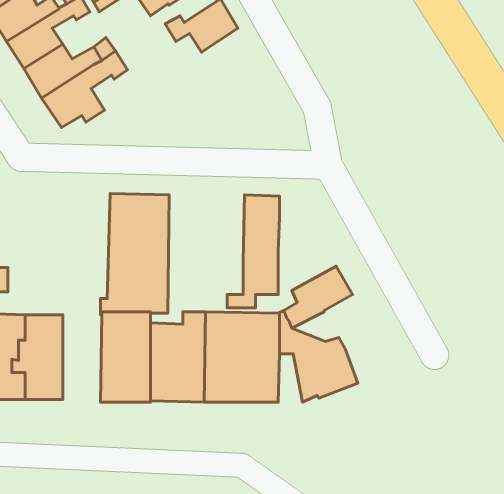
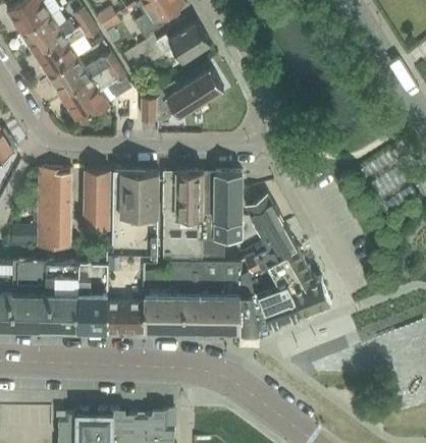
building: none -> [142,70,223,122]
building: none -> [38,170,70,251]
building: none -> [84,172,109,231]
building: none -> [162,173,203,259]
building: none -> [241,195,284,250]
building: none -> [251,248,330,316]
building: none -> [77,264,107,330]
building: none -> [241,293,259,330]

